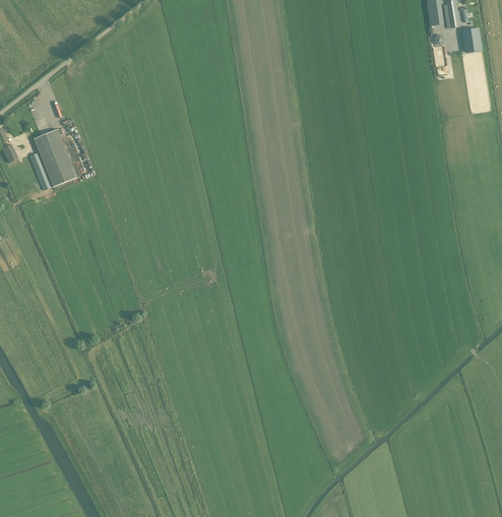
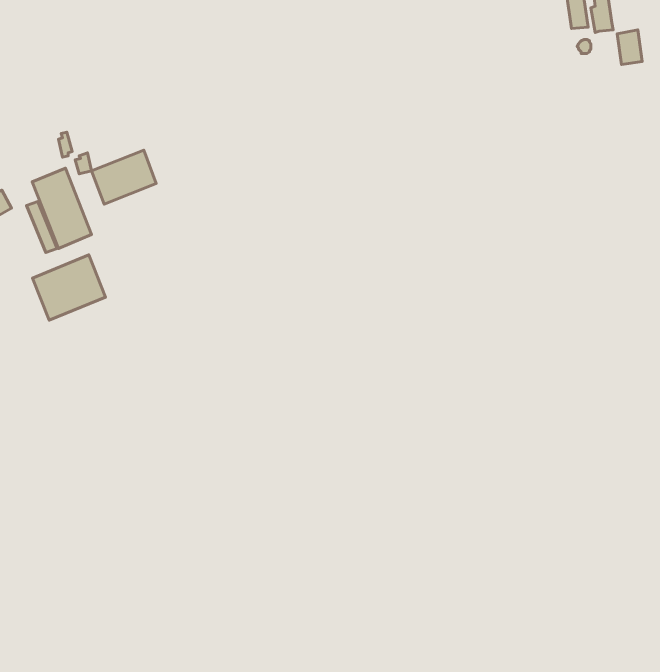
building: none -> [92,150,156,204]
building: none -> [32,255,106,320]

